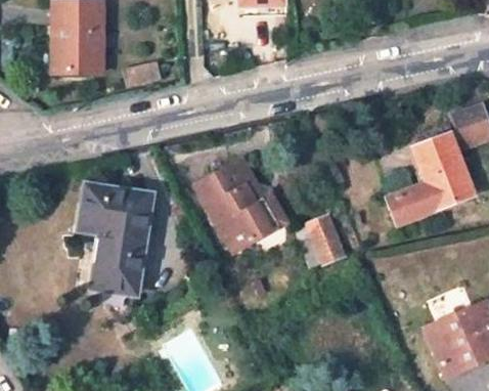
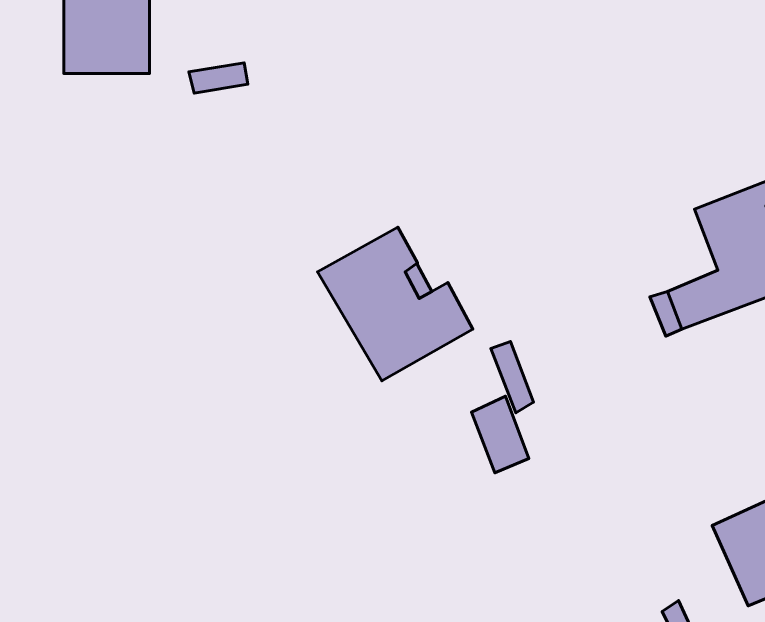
building: [80,187,152,295] -> none
building: [310,217,343,261] -> [472,396,529,473]

